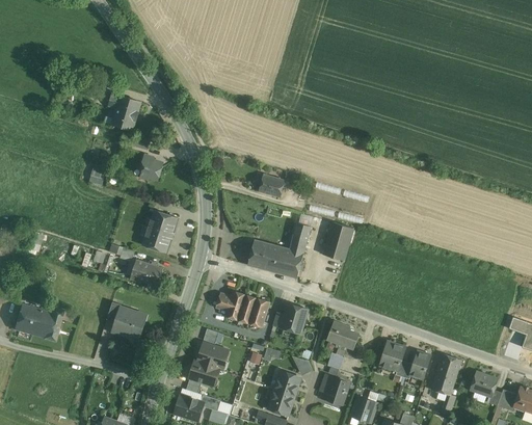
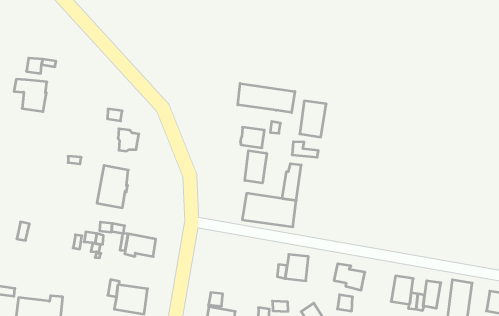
building: [107,95,140,130] -> [14,79,47,112]
building: none -> [238,83,295,113]
building: none -> [245,151,267,183]
building: [141,210,177,254] -> [97,165,128,208]
building: [323,222,353,260] -> [300,101,326,137]
building: [217,293,267,326] -> none

